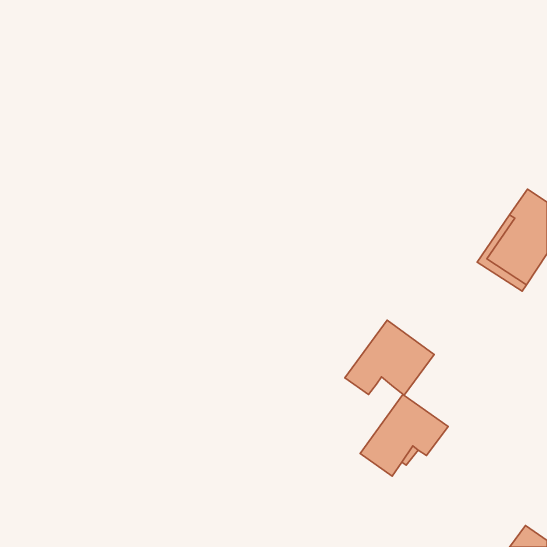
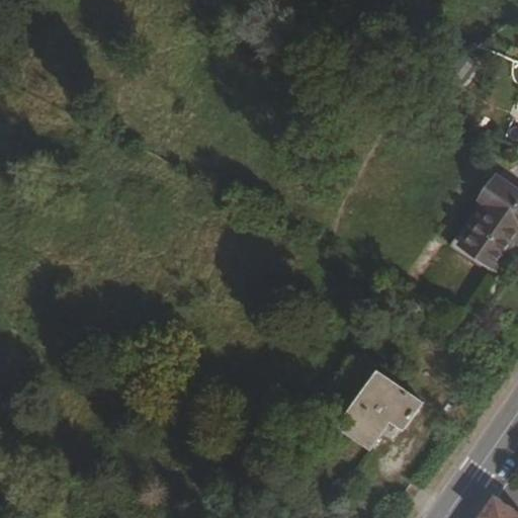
building: [345,320,434,395] -> none

